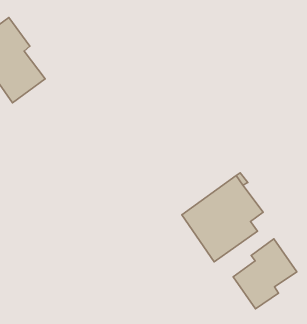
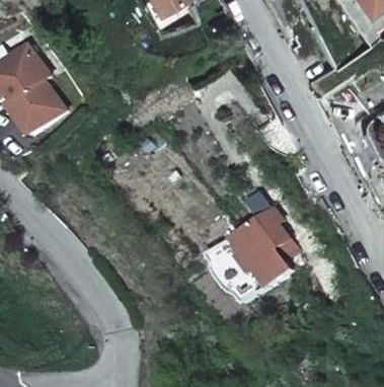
building: [233,239,297,309] -> none

